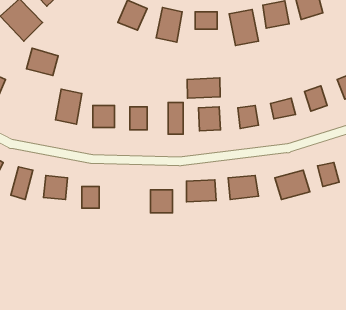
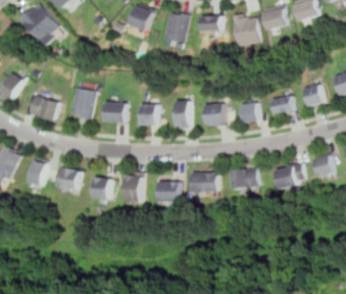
building: [27,48,58,76] -> [29,95,58,120]
building: [187,78,220,98] -> none
building: none -> [126,172,142,202]

